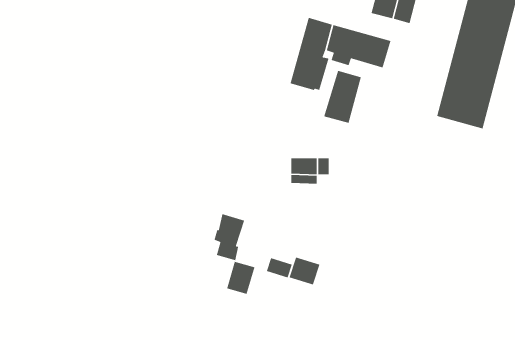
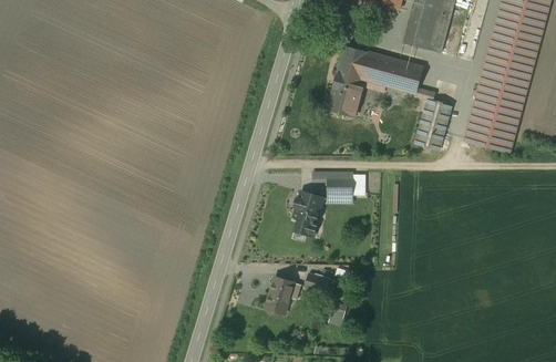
building: [323,70,362,124] -> [415,97,452,148]
building: [213,213,245,261] -> [294,189,323,235]
building: [289,256,321,286] -> none

